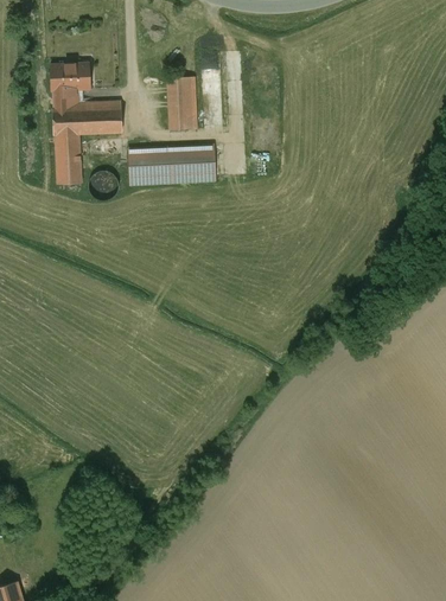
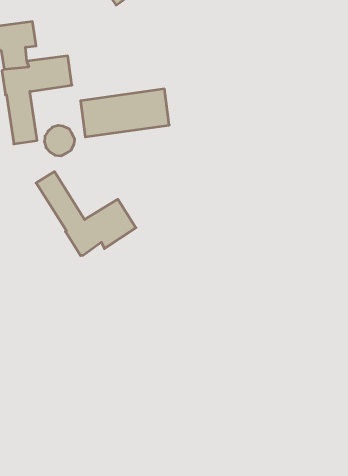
building: [168,77,190,130] -> none
building: none -> [36,172,136,256]

